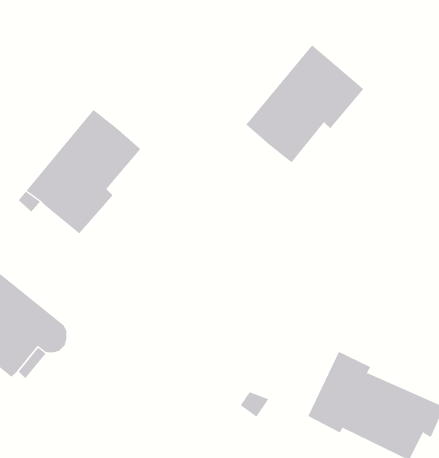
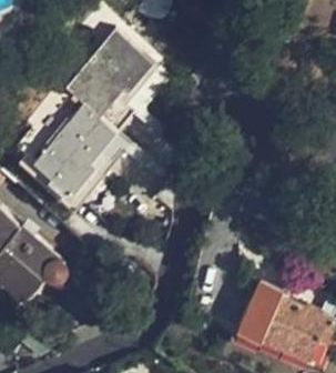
building: [246,44,364,163] -> [65,33,151,119]
building: none -> [40,134,131,210]

